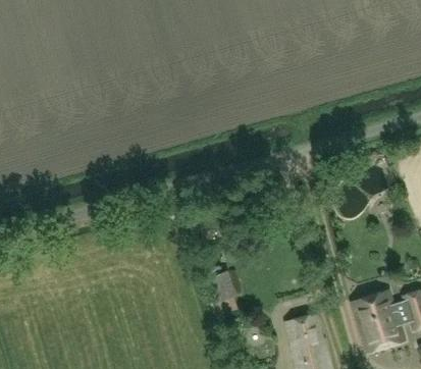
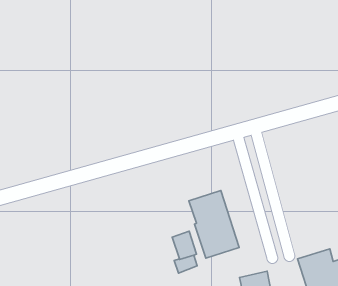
building: none -> [189,191,239,258]

